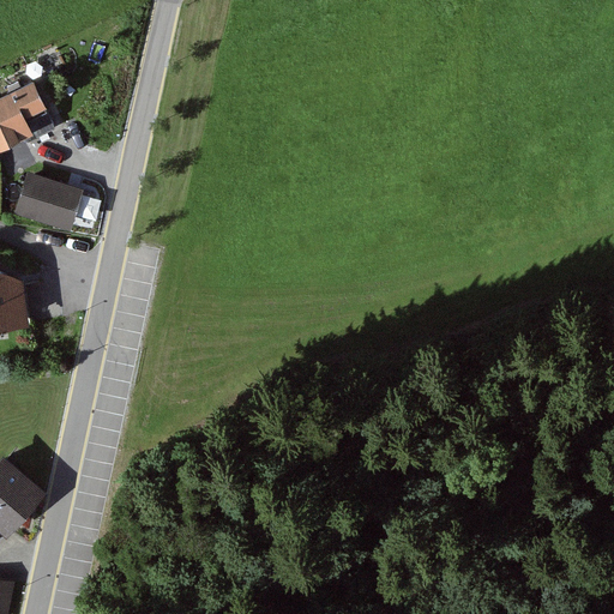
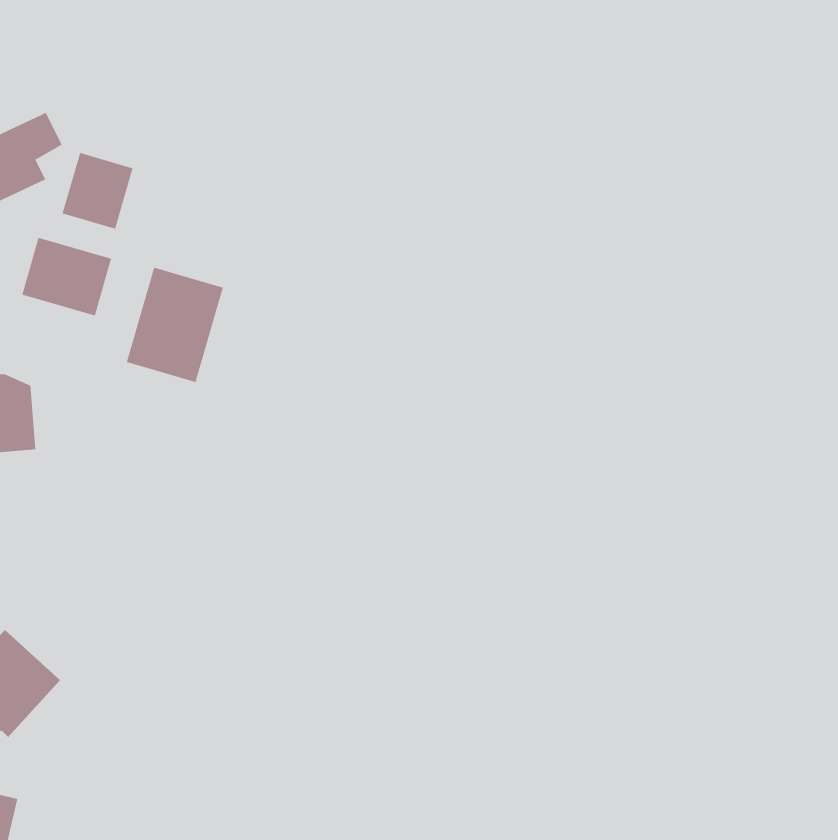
building: none -> [62,152,133,229]
building: none -> [126,267,224,383]

